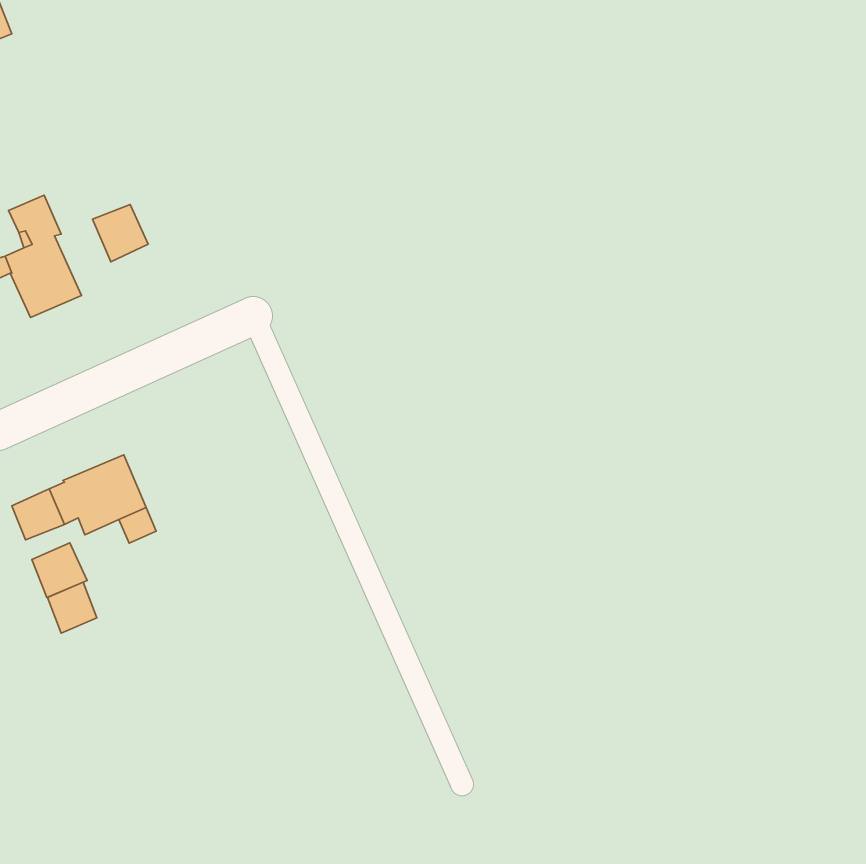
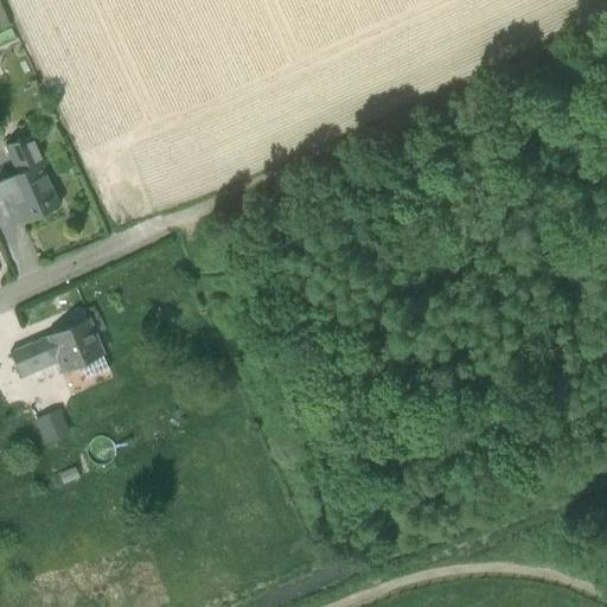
building: [93,204,148,262] -> none
building: [32,543,87,598] -> none

